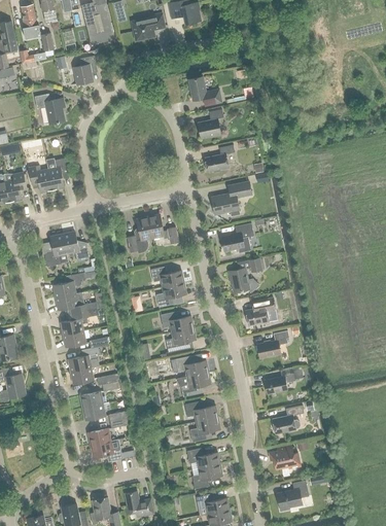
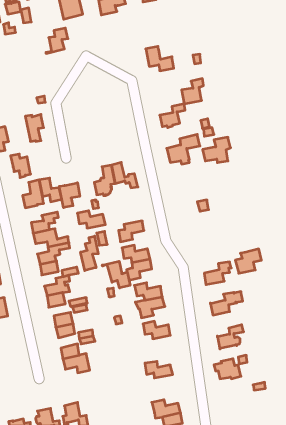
building: [34,93,64,125] -> none
building: [197,108,222,138] -> [182,79,203,104]
building: [28,165,51,192] -> [11,154,31,178]
building: [220,222,253,252] -> [203,137,231,163]
building: none -> [59,183,80,208]
building: [150,266,183,286] -> [77,211,105,228]
building: [227,267,257,292] -> none
building: [244,296,275,325] -> [235,249,261,273]
building: none -> [81,236,98,271]
building: none -> [102,261,130,288]
building: [189,417,219,442] -> none
building: [191,463,221,488] -> none
building: [276,480,308,510] -> none
building: [124,490,152,516] -> none

